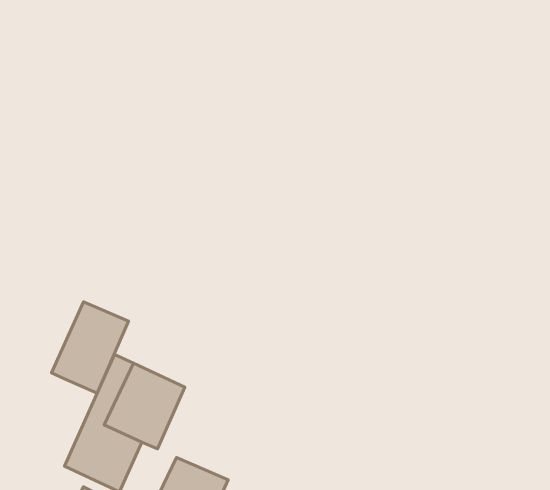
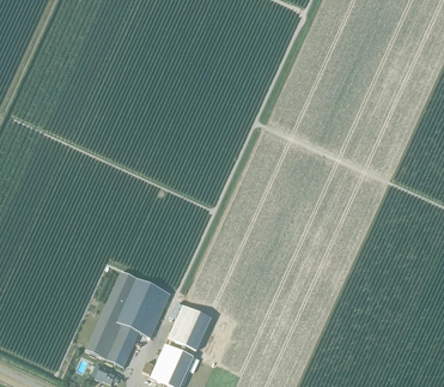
building: [51,302,128,393] -> none
building: none -> [170,304,212,350]

